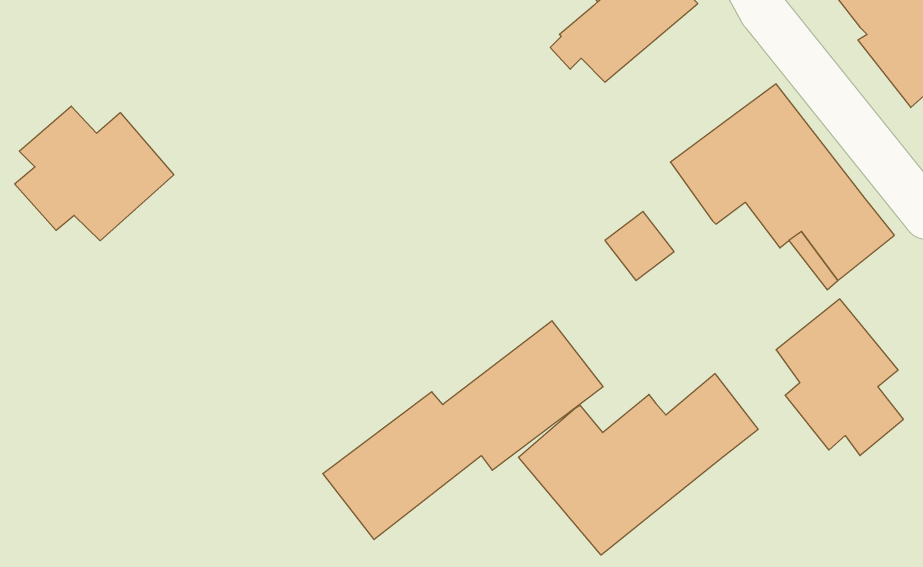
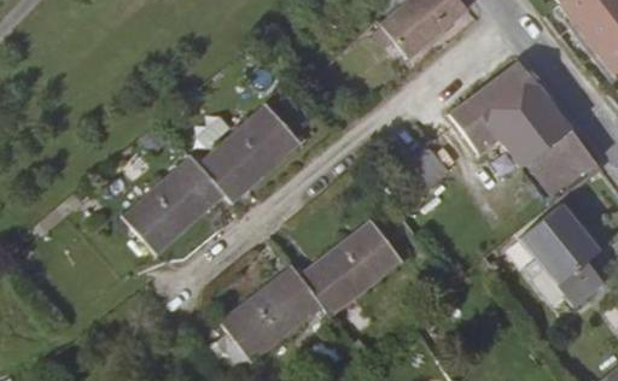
building: [15,106,174,241] -> none
building: none -> [122,101,302,254]
building: [518,374,758,555] -> none

